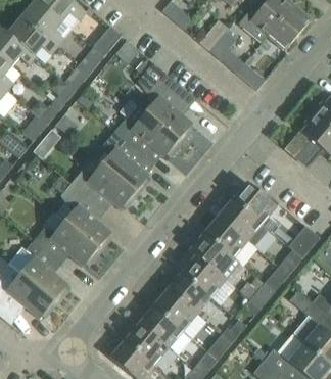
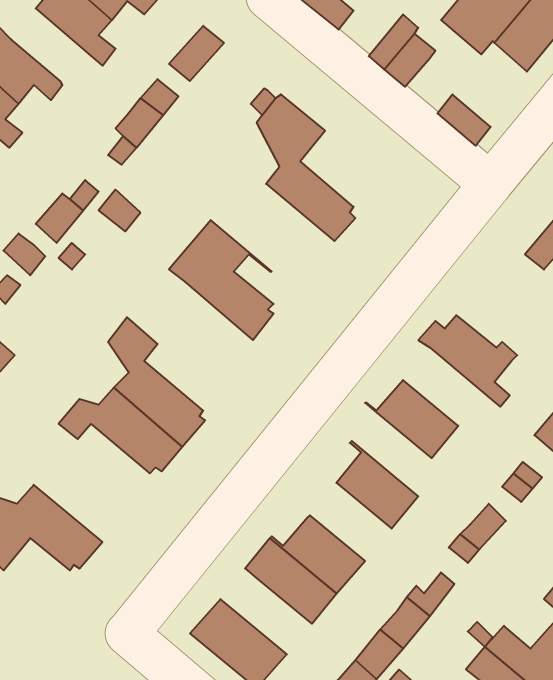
building: [8,17,57,56] -> none
building: [115,98,182,158] -> none
building: [70,163,138,209] -> none
building: [219,195,271,246] -> none
building: [191,229,240,279] -> none
building: [20,240,68,303] -> none
building: [160,267,212,314] -> none
building: [121,318,170,364] -> none

